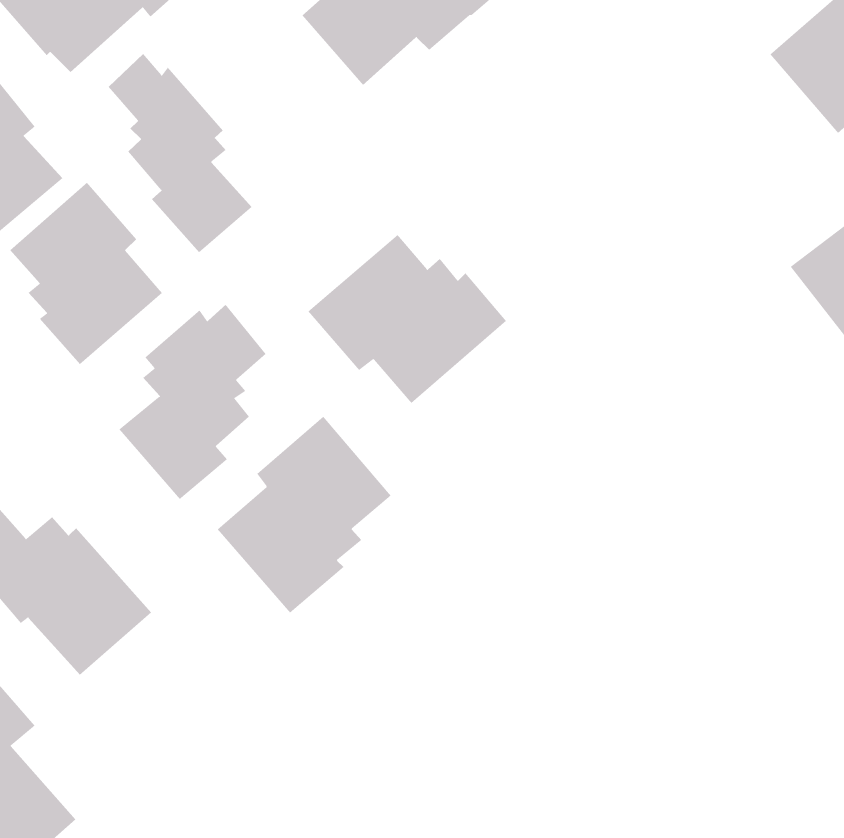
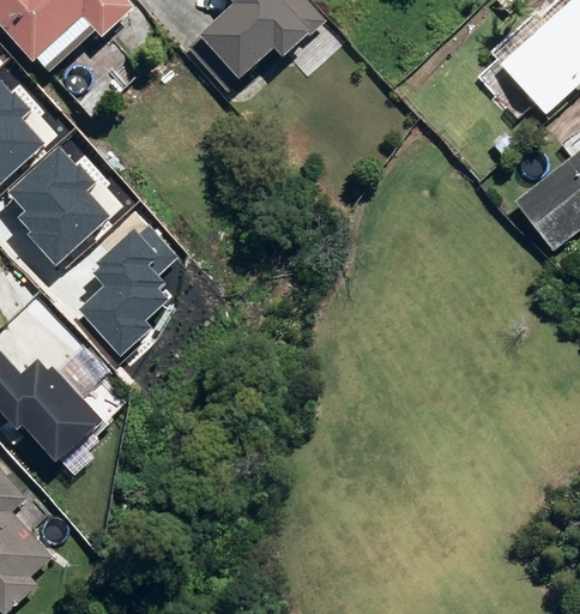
building: [108,53,252,253] -> none
building: [307,234,507,404] -> none
building: [217,416,391,613] -> none

